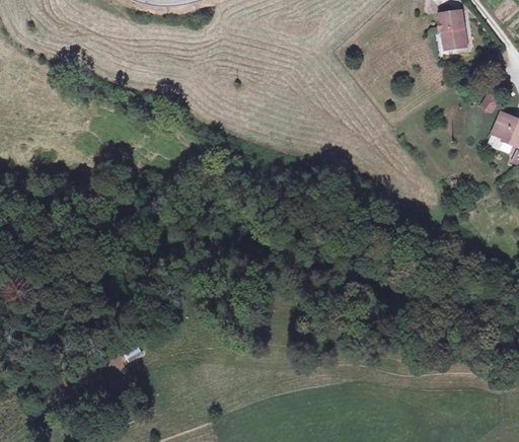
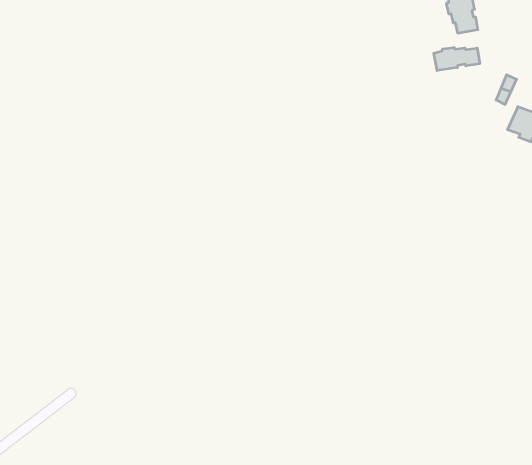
building: none -> [434,47,480,71]

